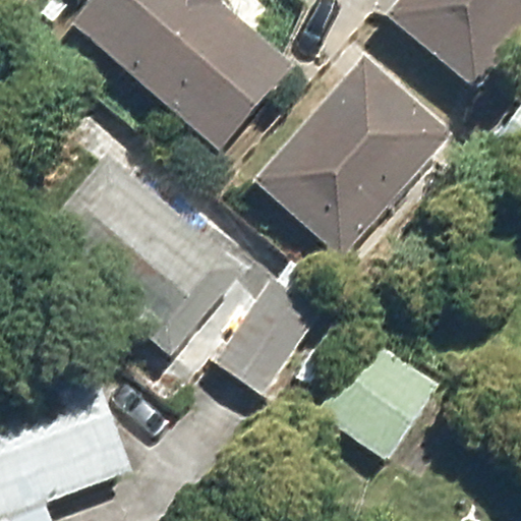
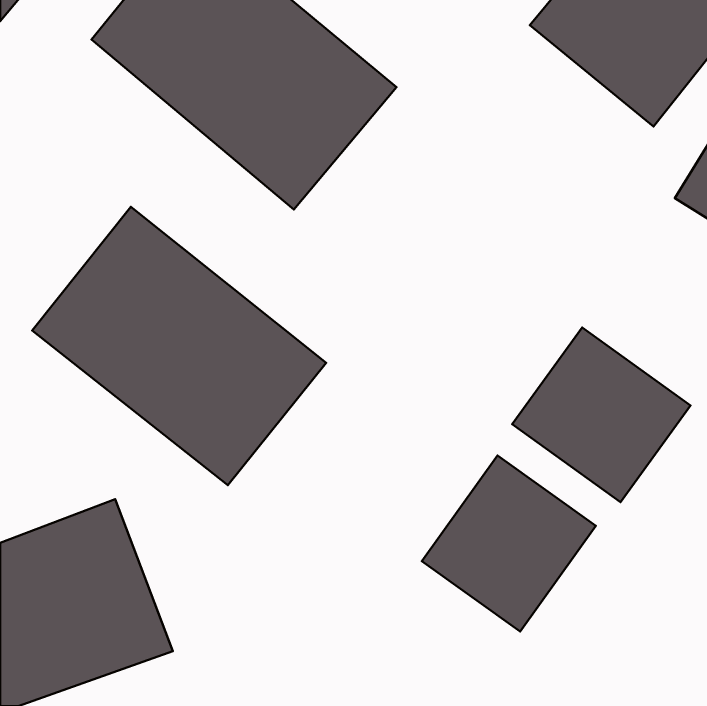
building: [254,59,451,255] -> none
building: none -> [512,327,690,502]
building: [218,275,325,392] -> none

